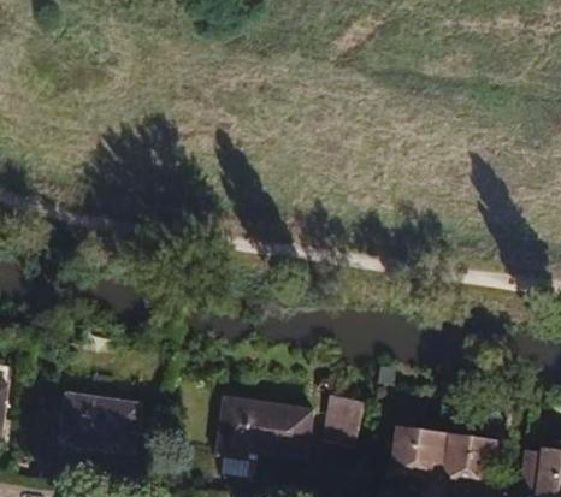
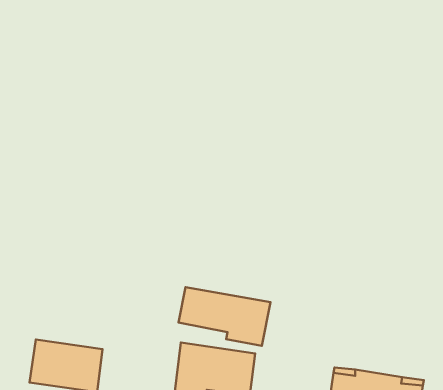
building: none -> [179,287,271,346]
building: [323,397,360,442] -> none

